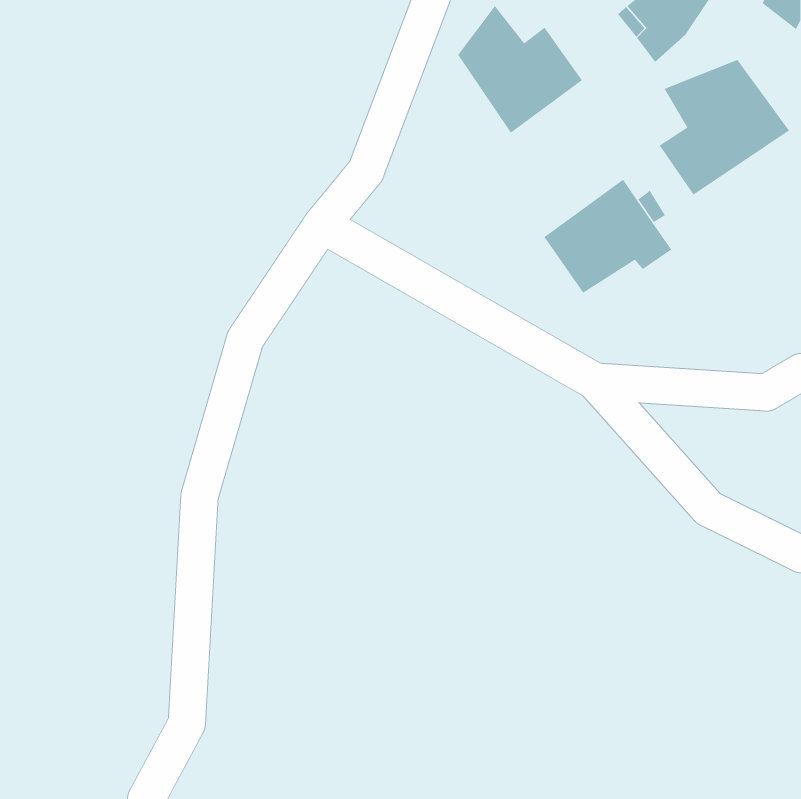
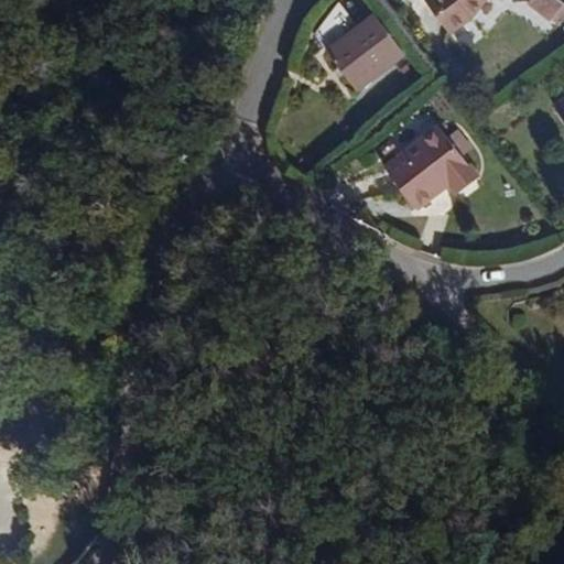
building: [659,59,790,195] -> none

